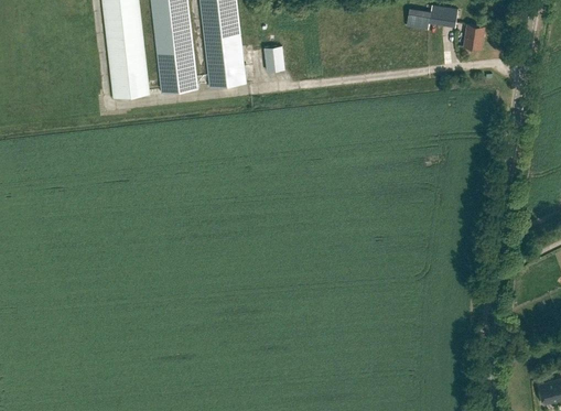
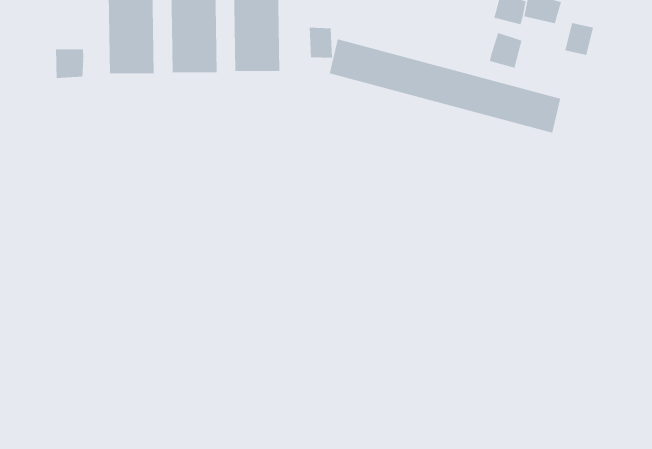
building: none -> [489,32,522,69]
building: none -> [329,39,561,134]
building: none -> [56,49,84,79]

